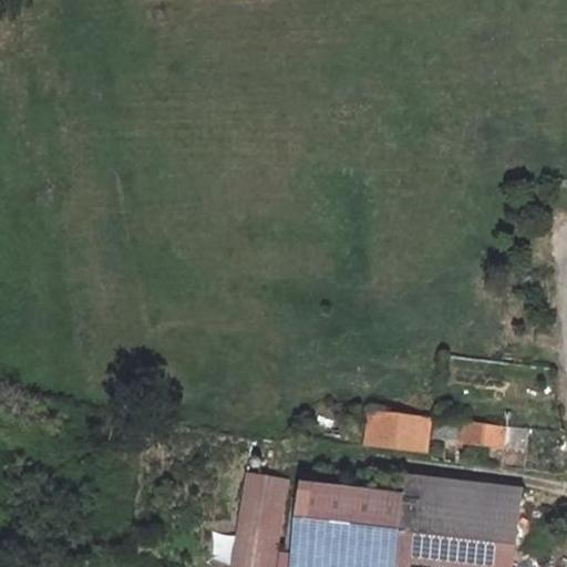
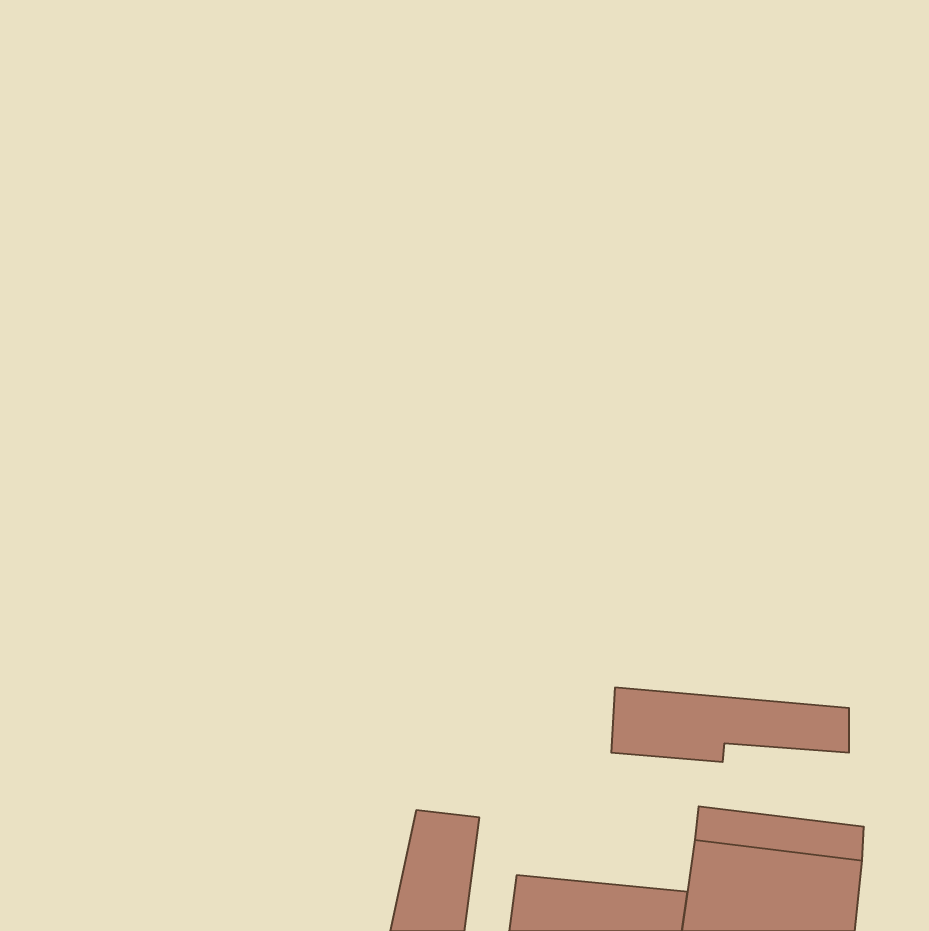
building: [308,489,414,532] -> none

